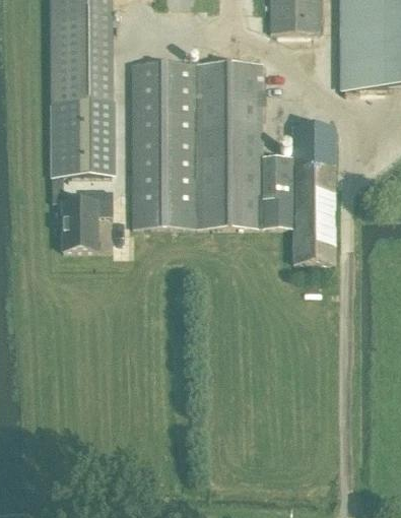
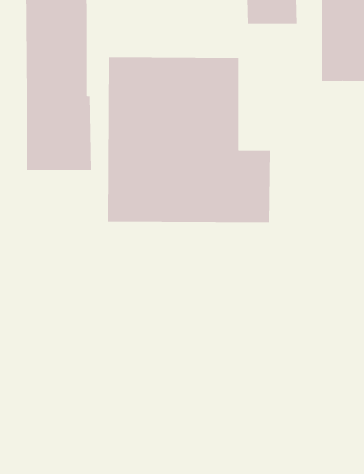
building: [292,123,336,260] -> none
building: [61,189,112,249] -> none

